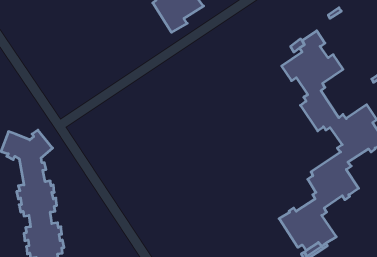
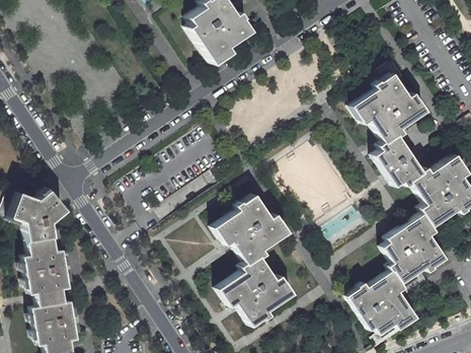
building: none -> [212,194,293,326]

